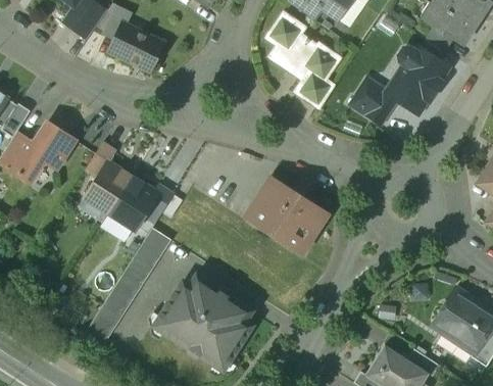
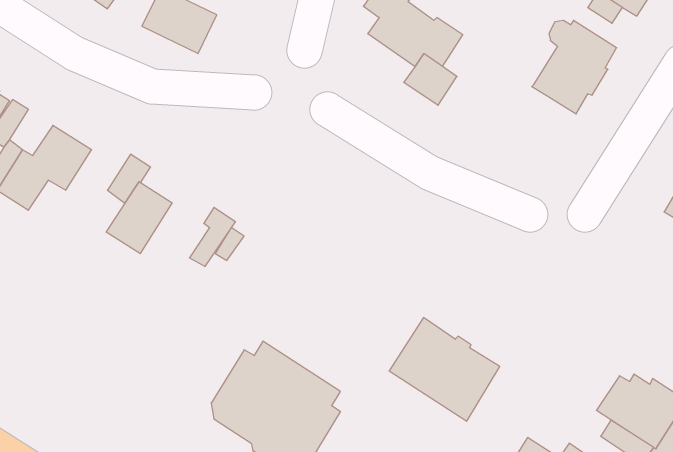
building: [350,79,397,124] -> none
building: [109,177,158,229] -> none
building: [245,181,324,254] -> [389,318,500,421]
building: [84,227,171,345] -> none

